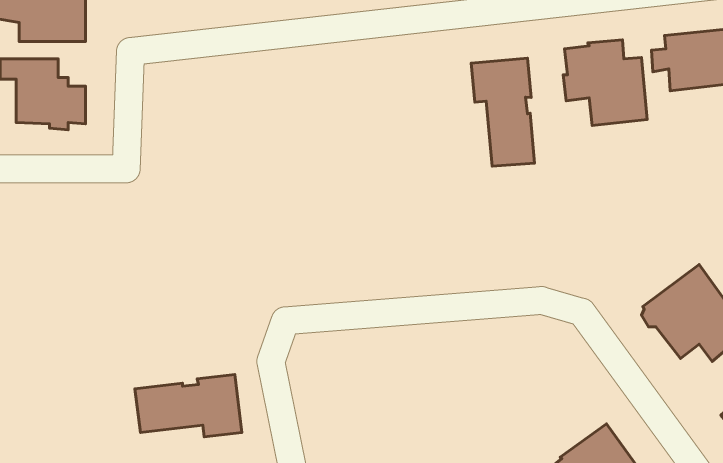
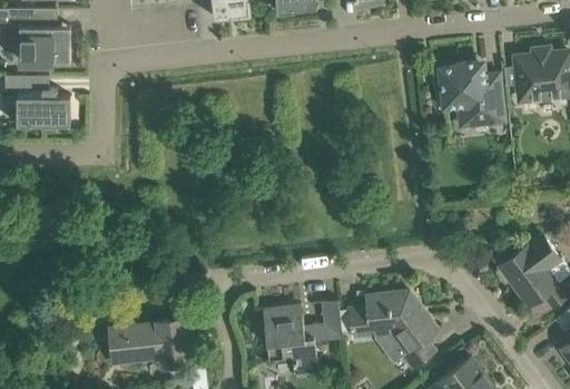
building: [471,58,534,166] -> none
building: none -> [346,292,439,370]
building: none -> [263,301,342,377]

